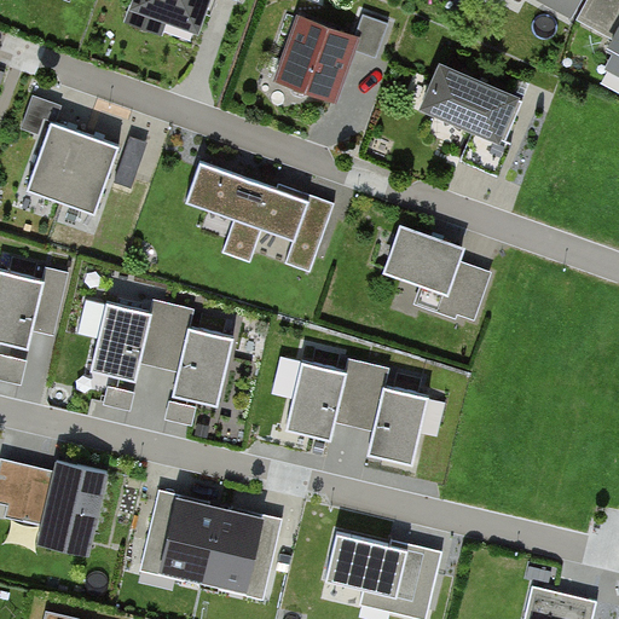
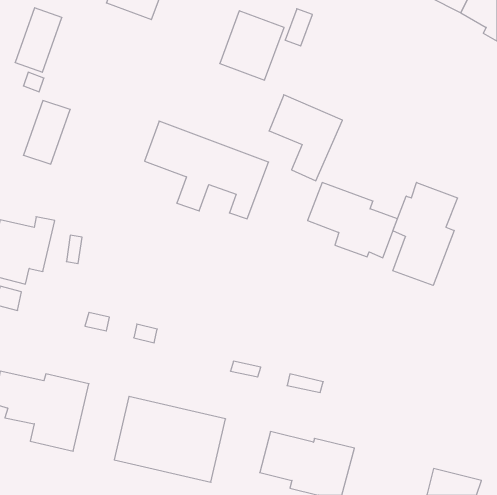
building: [429,66,520,173] -> [269,95,342,181]
building: [63,135,121,215] -> [15,8,62,72]
building: none -> [393,182,458,285]
building: [92,299,233,407] -> none
building: [283,357,424,465] -> none

